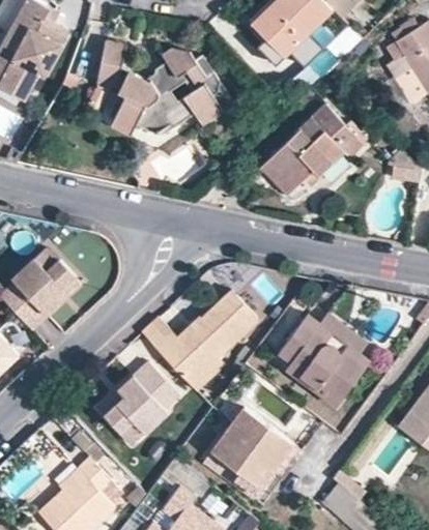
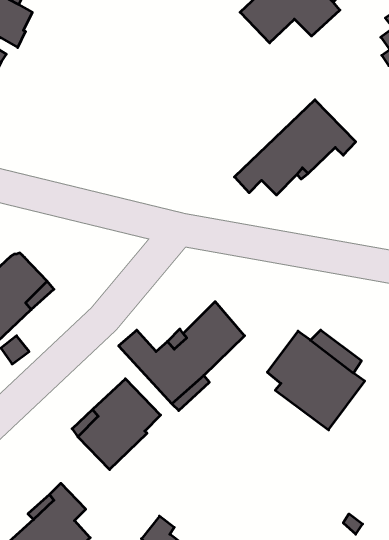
building: [97,40,221,132] -> none
building: [218,412,292,482] -> none

